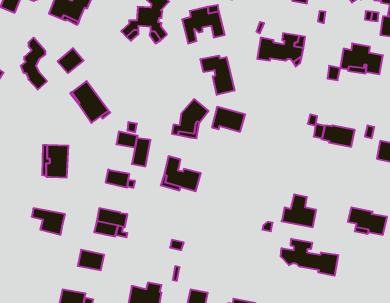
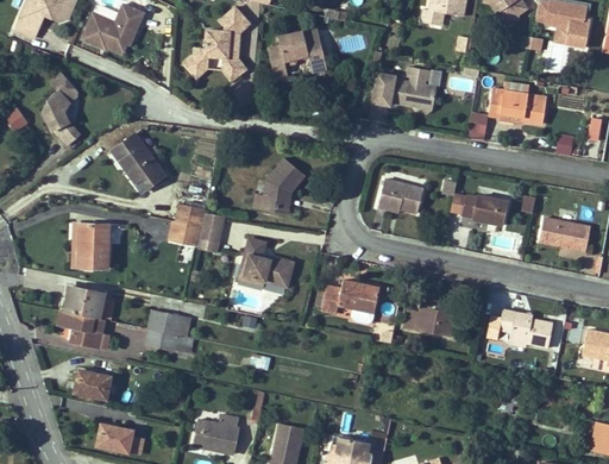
building: [58,48,84,73] -> none
building: [200,56,234,95] -> none
building: [212,107,245,132] -> [377,178,423,213]
building: [106,170,129,188] -> [169,220,202,245]
building: none -> [321,280,379,322]
building: none -> [61,286,105,318]
building: [281,239,338,276] -> none
building: [78,250,104,270] -> [74,370,111,399]

